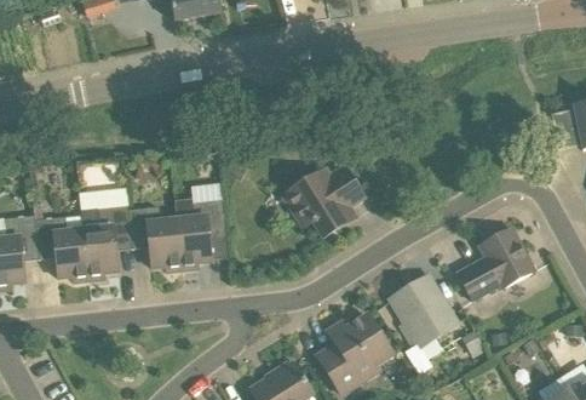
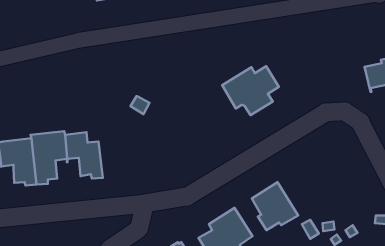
building: [283,167,363,236] -> [222,66,279,115]
building: [174,198,226,270] -> none
building: [456,228,535,301] -> none

